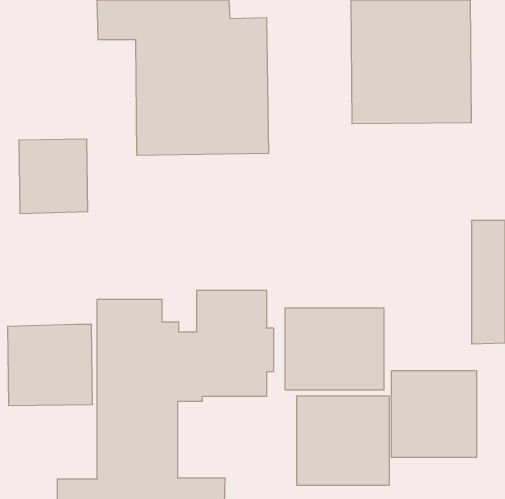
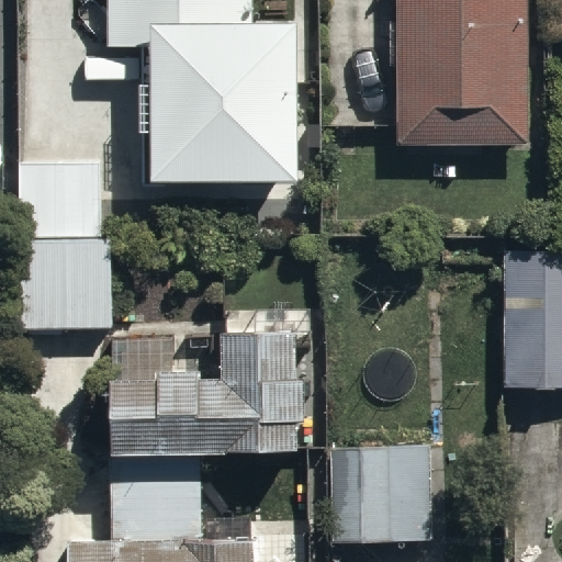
building: [285,308,384,390] -> none
building: [8,324,93,405] -> [22,241,116,331]
building: [392,371,476,458] -> none

